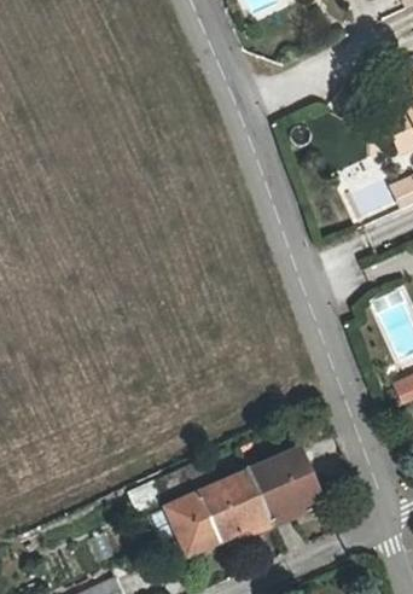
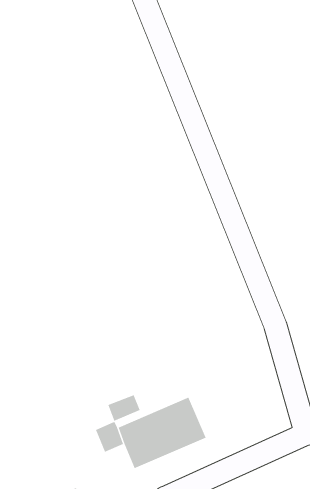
building: [249,449,320,519] -> none

